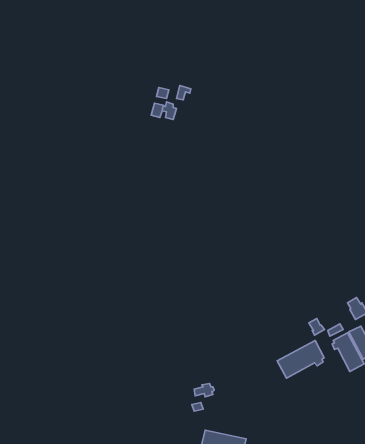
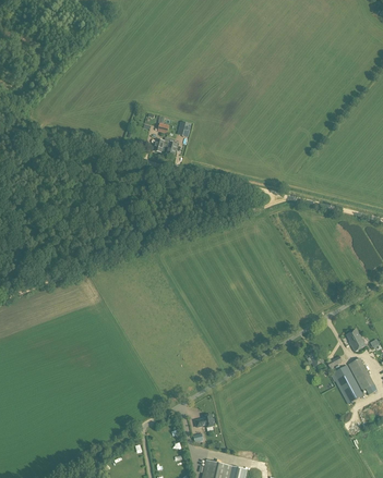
building: [277,340,324,378] -> none

